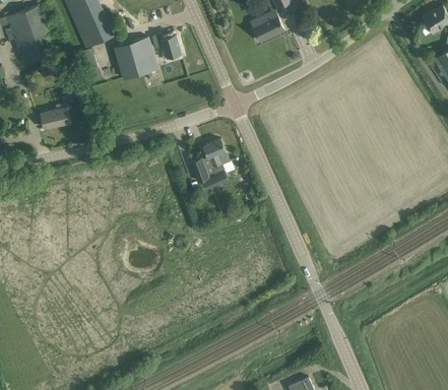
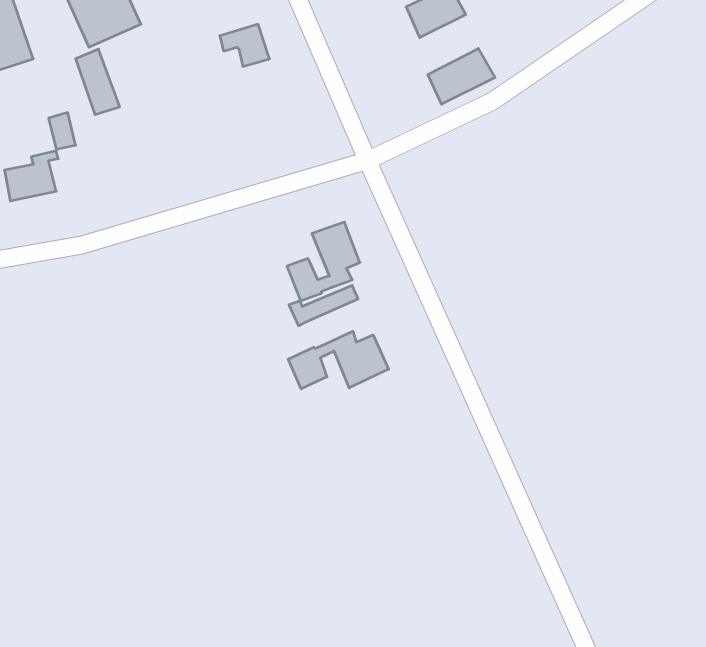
building: [115,38,156,78] -> none
building: none -> [428,48,495,104]
building: none -> [288,331,389,389]

